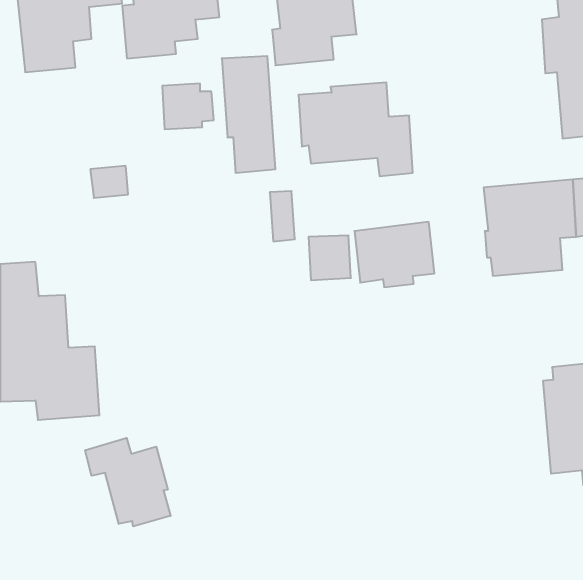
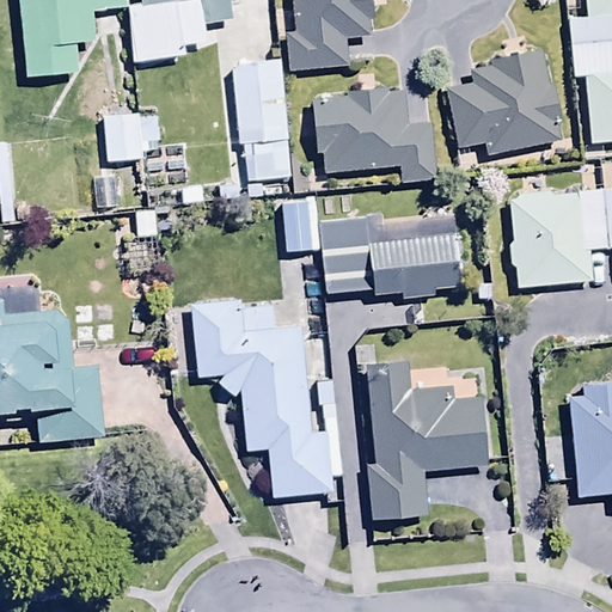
building: none -> [445,47,565,155]
building: [162,84,214,129] -> [105,112,159,160]
building: none -> [192,299,335,495]
building: none -> [366,362,485,518]
building: [85,438,171,526] -> none

